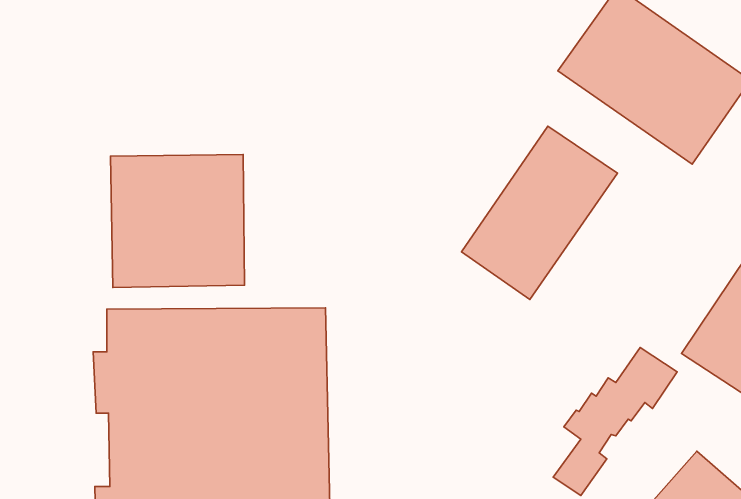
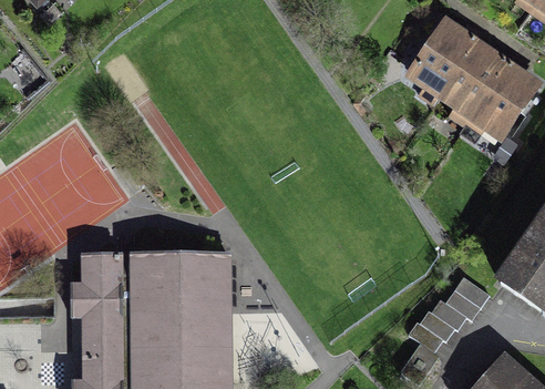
building: [461,126,617,300] -> none
building: [111,155,245,288] -> none

